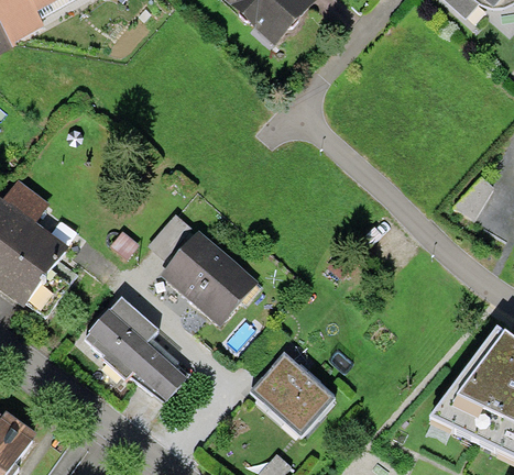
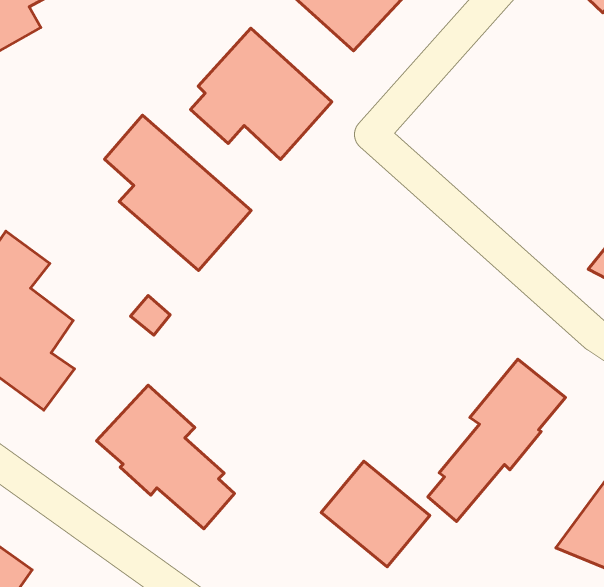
building: none -> [190,28,332,160]
building: [149,210,259,327] -> [104,115,251,271]
building: none -> [428,359,565,521]

